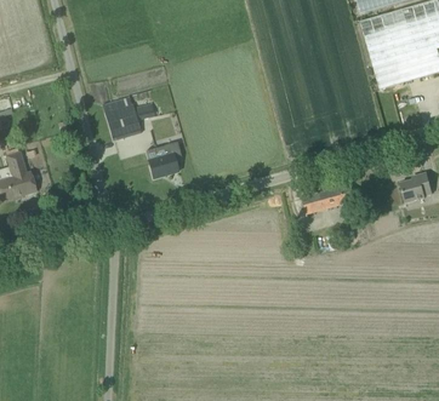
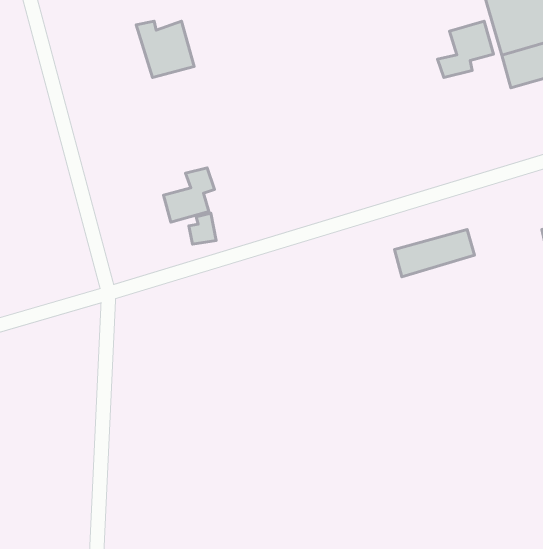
building: none -> [438,21,493,78]
building: [102,101,141,138] -> [136,21,194,77]

